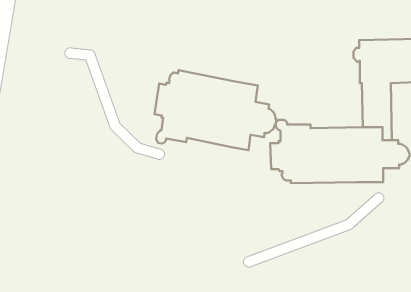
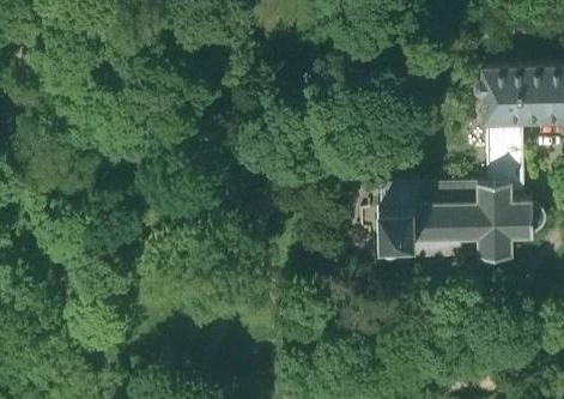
building: [154,70,276,150] -> none

